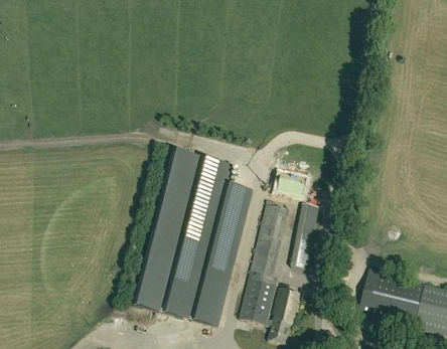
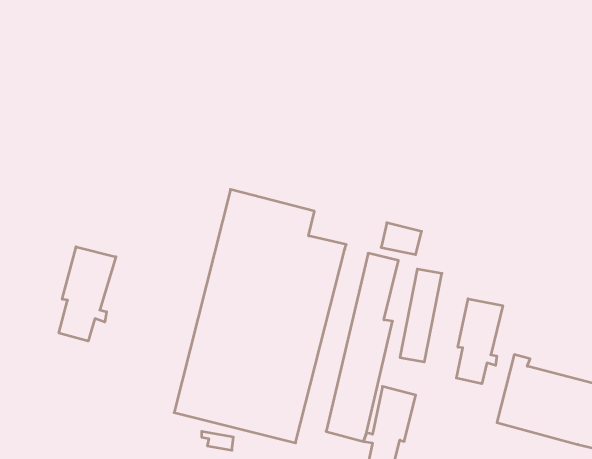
building: none -> [59,247,116,341]
building: none -> [456,299,503,384]

